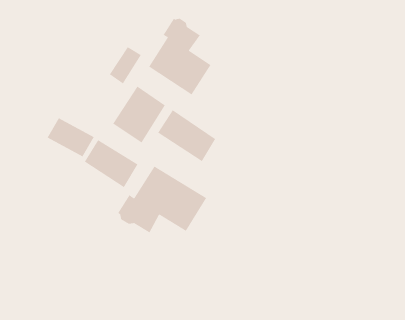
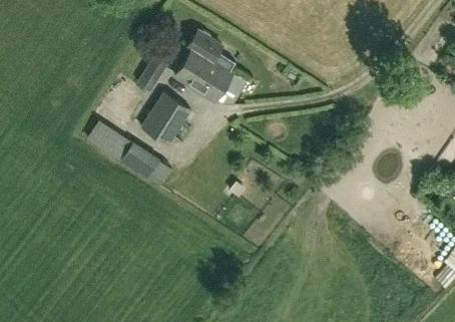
building: [157,109,216,162] -> none
building: [117,165,207,233] -> none

